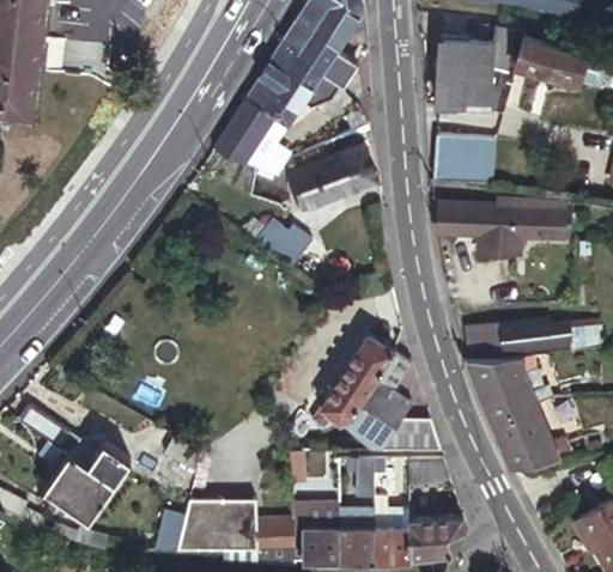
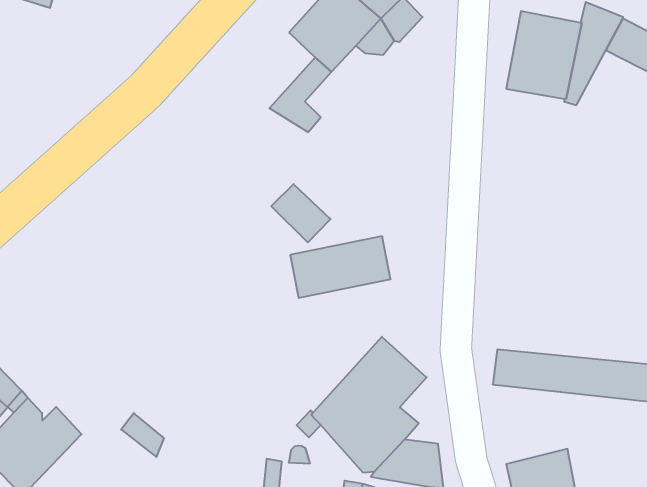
building: [216,95,272,160] -> none
building: [433,139,497,181] -> none
building: [287,147,375,211] -> [290,236,391,298]
building: [438,199,563,251] -> none
building: [463,355,539,424] -> none

